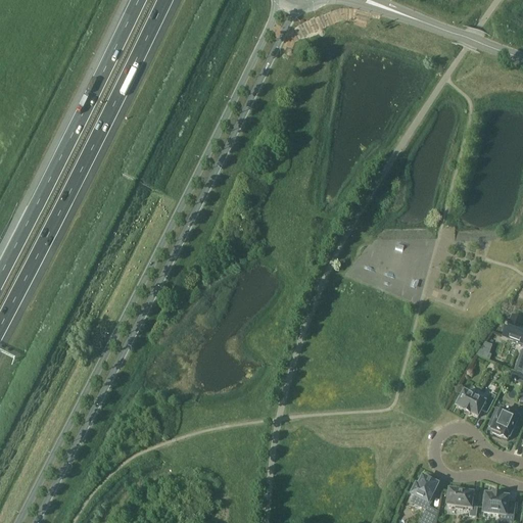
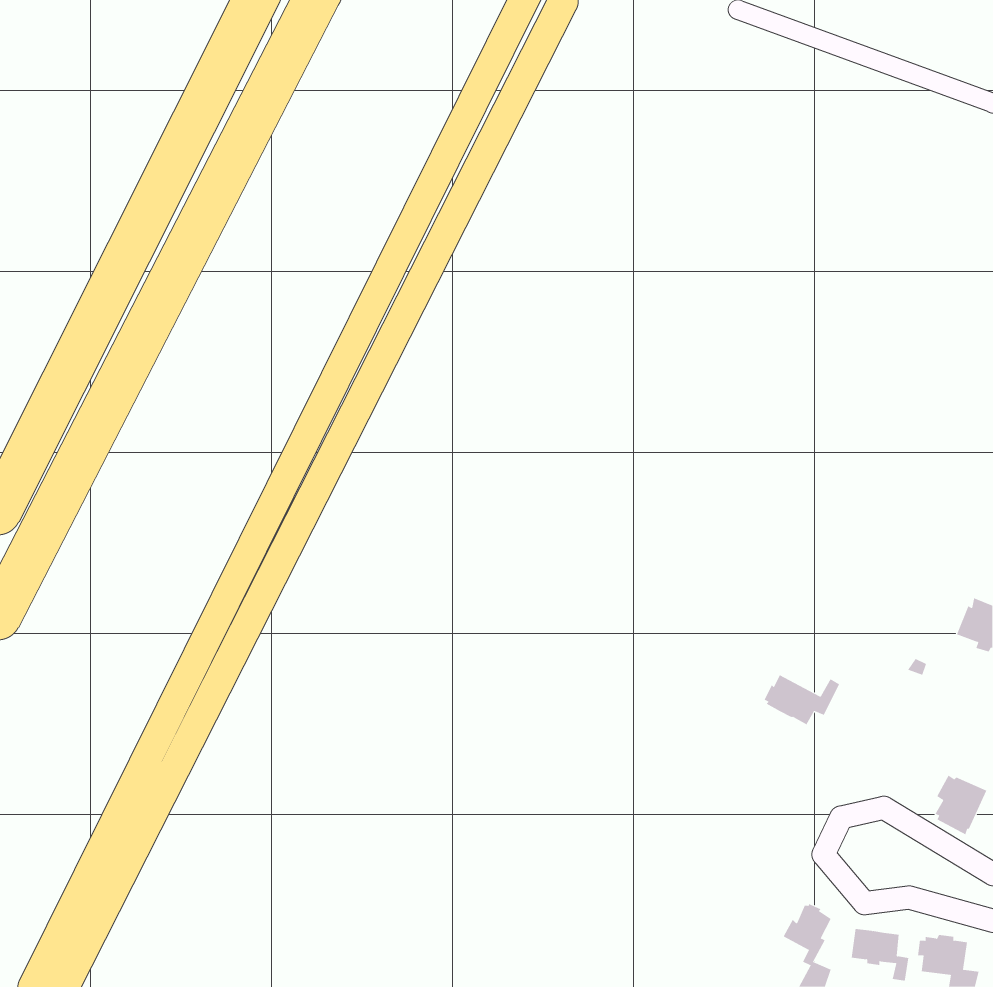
building: [455,388,494,415] -> [764,675,840,725]

